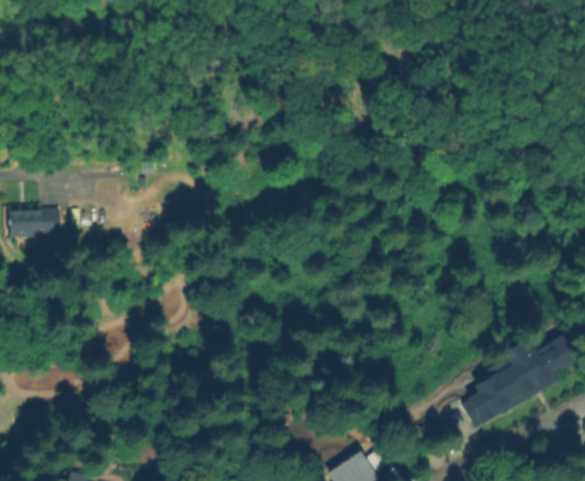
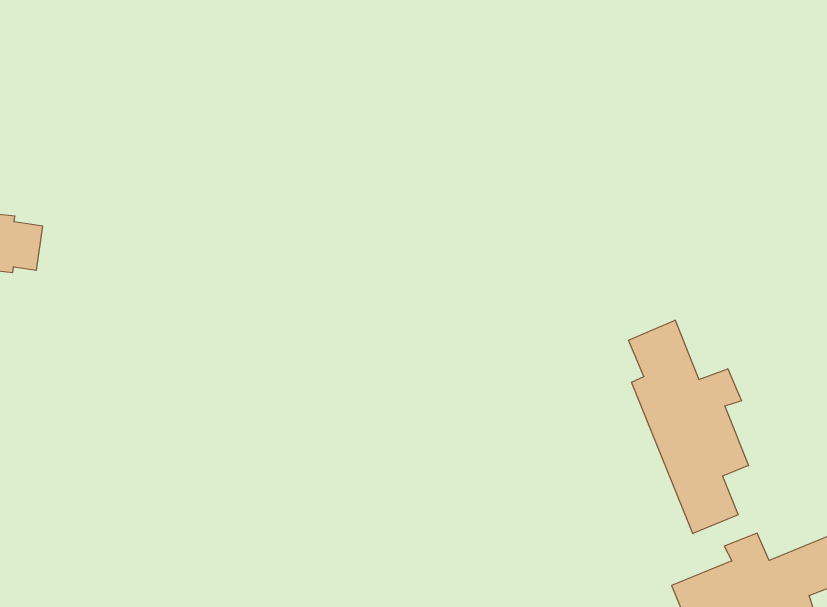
building: none -> [628,320,749,534]

